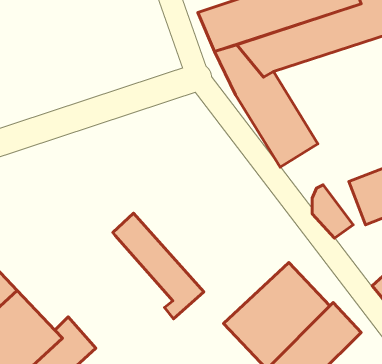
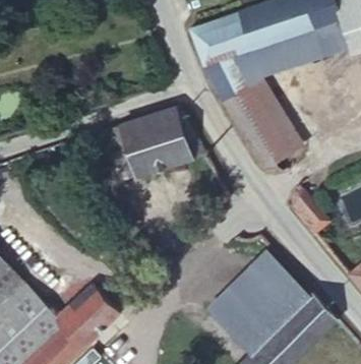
building: none -> [123,108,190,175]
building: [113,213,204,319] -> none
building: none -> [70,285,119,335]

